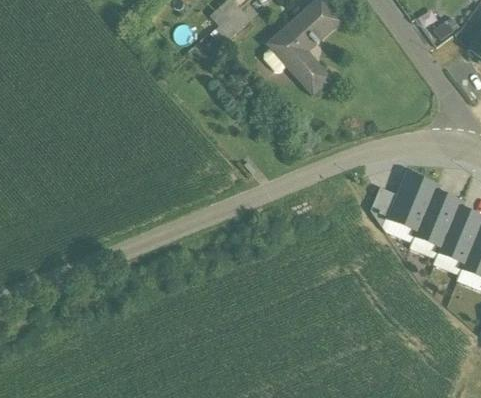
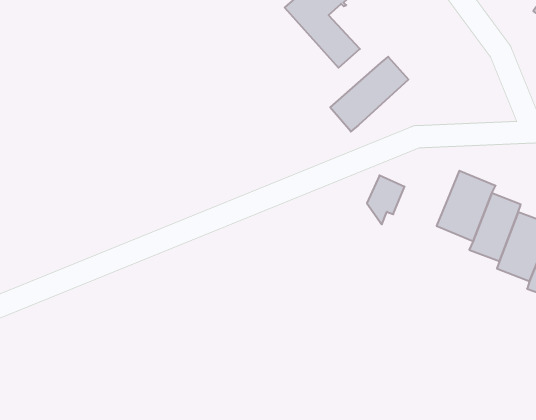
building: none -> [330,57,408,132]
building: [370,186,400,225] -> [367,175,405,224]

